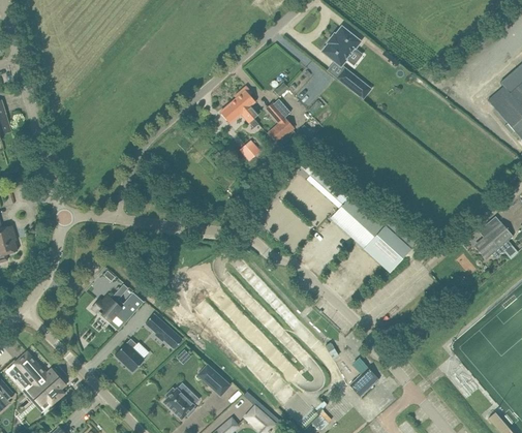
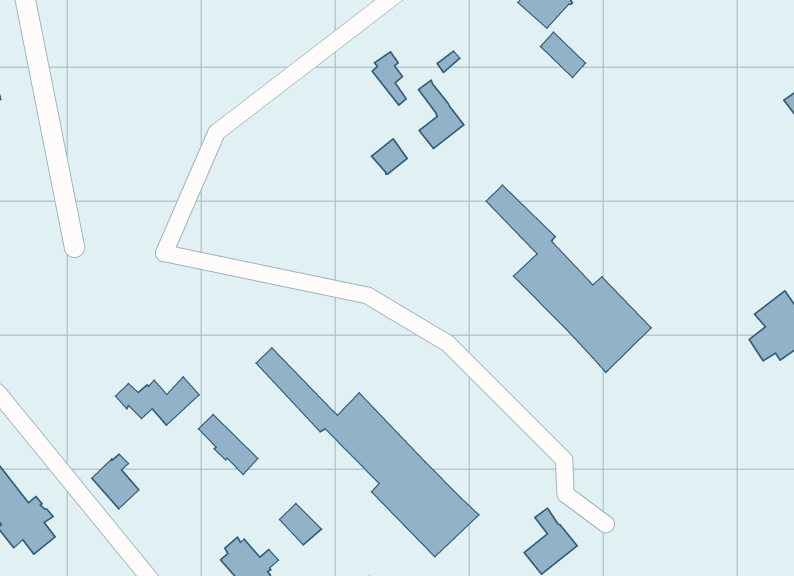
building: [219,98,258,128] -> none
building: none -> [256,348,479,557]
building: [115,338,144,371] -> [92,454,139,509]

